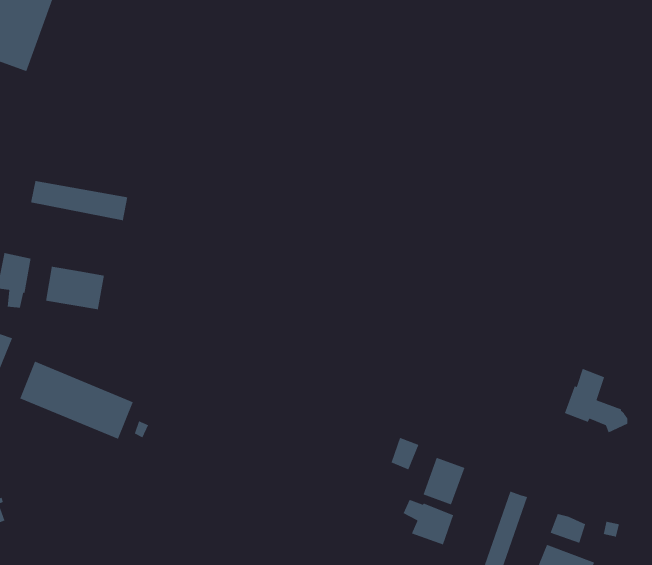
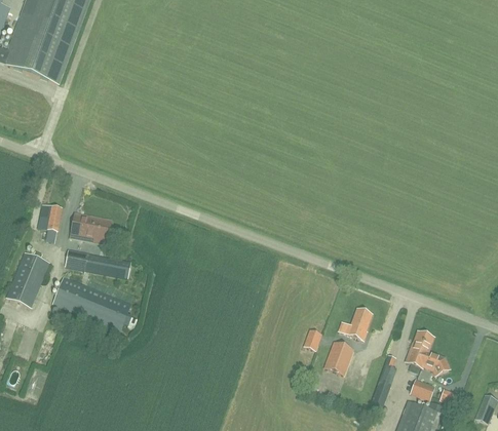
building: [30,180,128,221] -> [65,250,130,278]
building: [564,368,628,433] -> [406,330,449,375]
building: none -> [346,309,372,340]
building: [402,499,454,546] -> none

